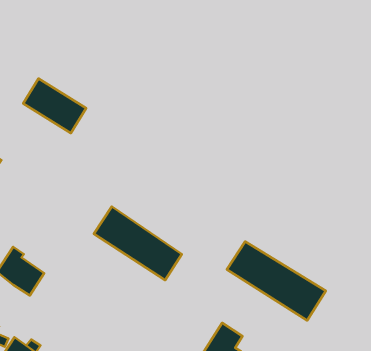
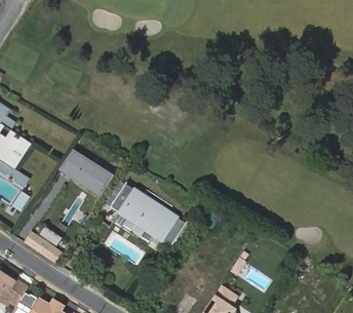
building: [23,79,86,133] -> [60,150,114,197]
building: [227,241,326,320] -> none

